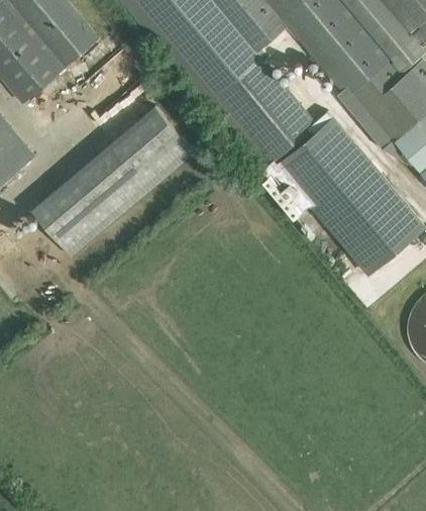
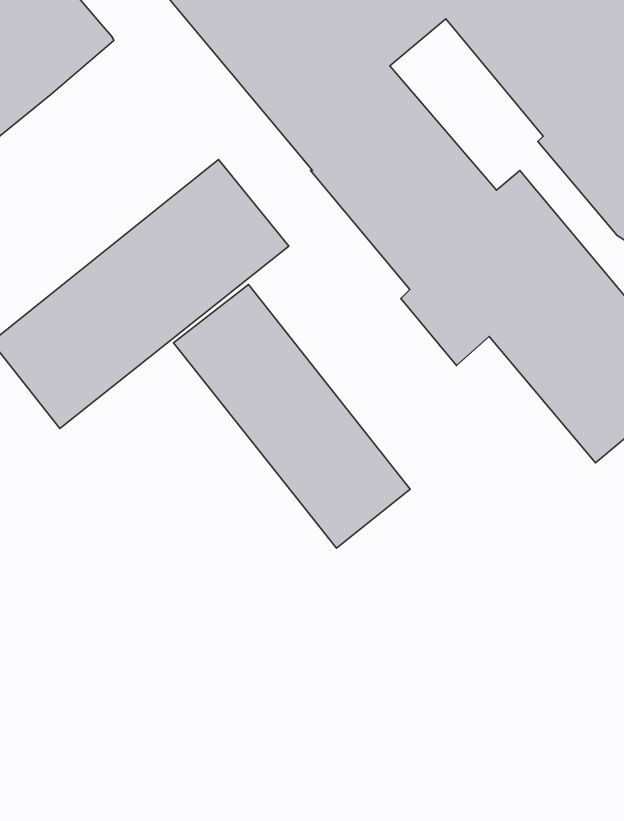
building: none -> [174,284,410,548]

